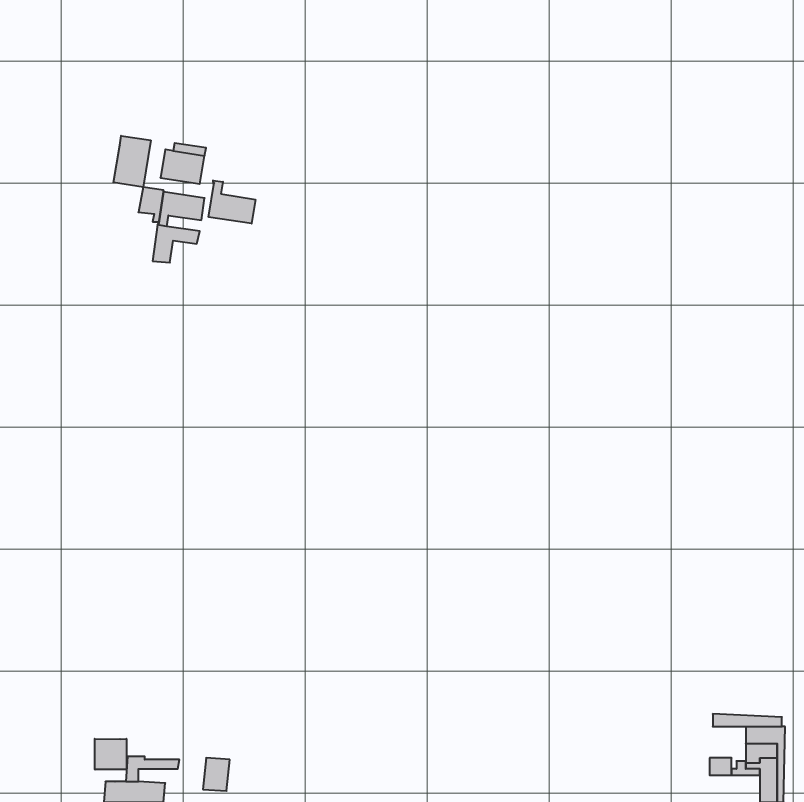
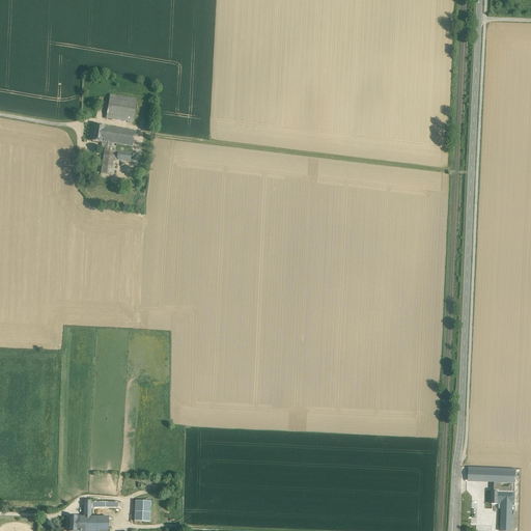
building: [114,136,151,187] -> none
building: [209,180,255,224] -> none
building: [95,739,127,770] -> none

